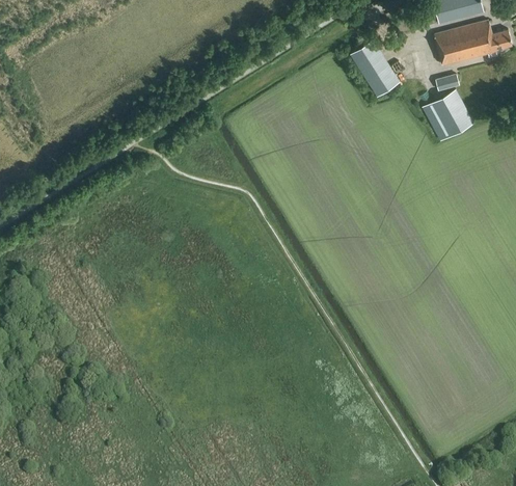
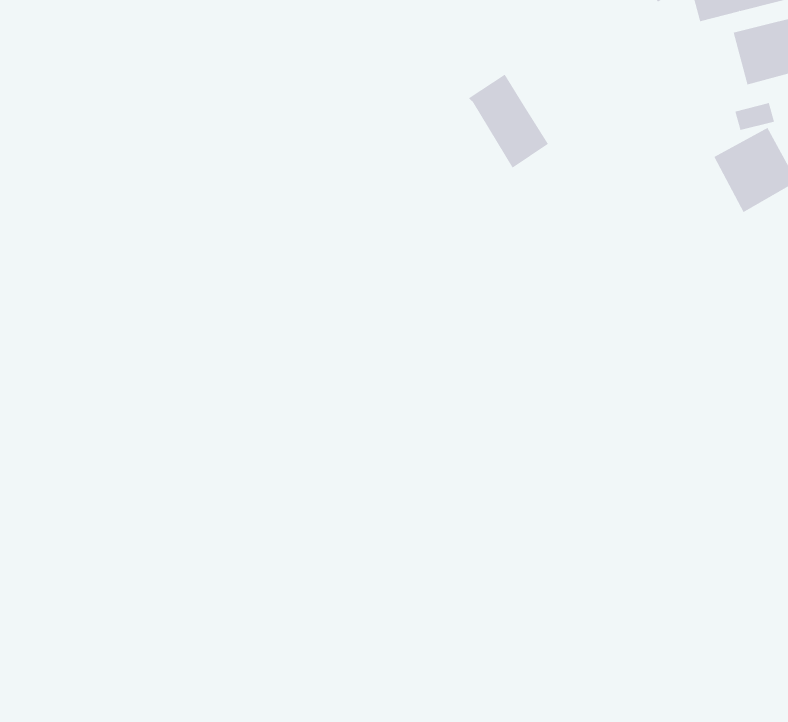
building: [351,40,399,97] -> [468,74,549,168]

